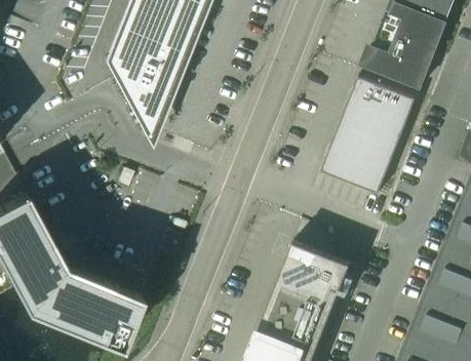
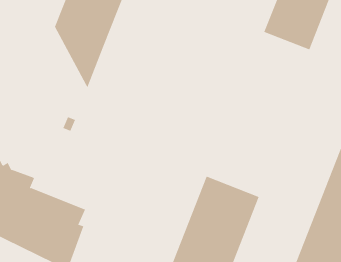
building: [321,74,416,194] -> none

